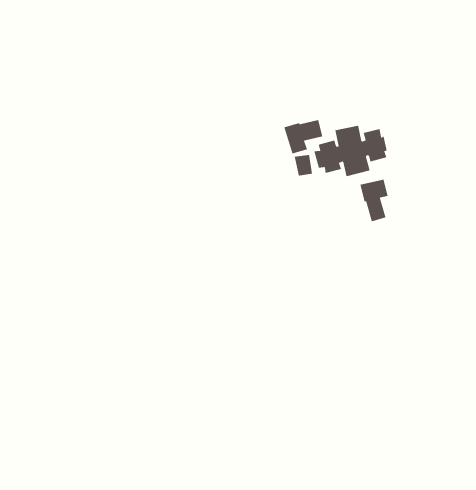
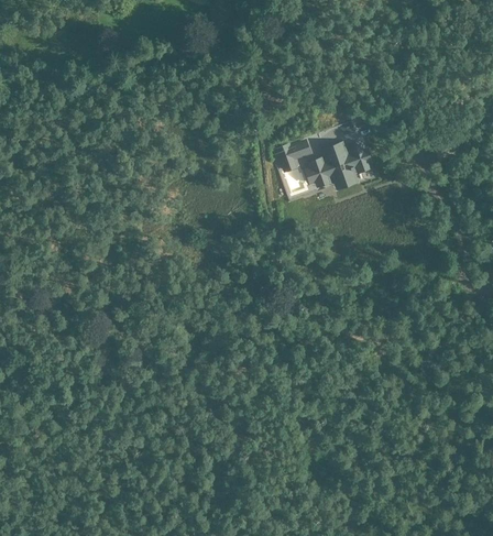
building: [360,179,388,222] -> none

